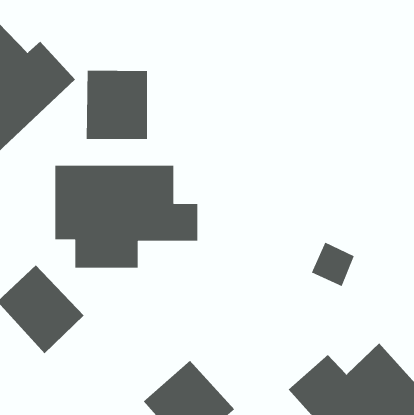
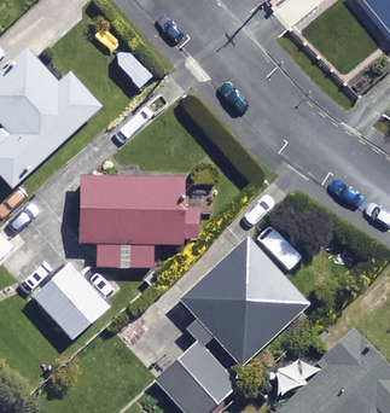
building: [86,70,148,140] -> none
building: none -> [180,237,308,365]

